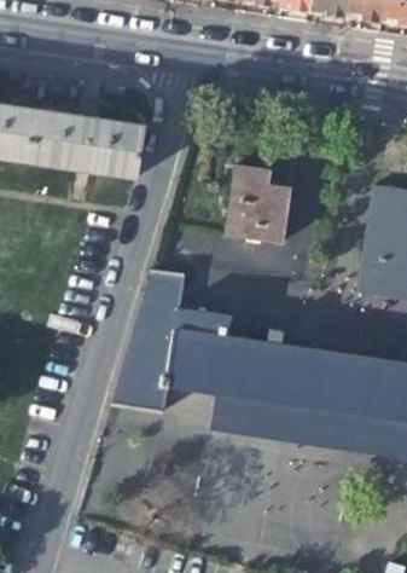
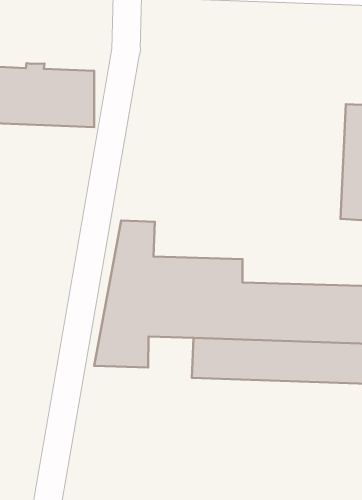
building: [227,167,290,244] -> none

